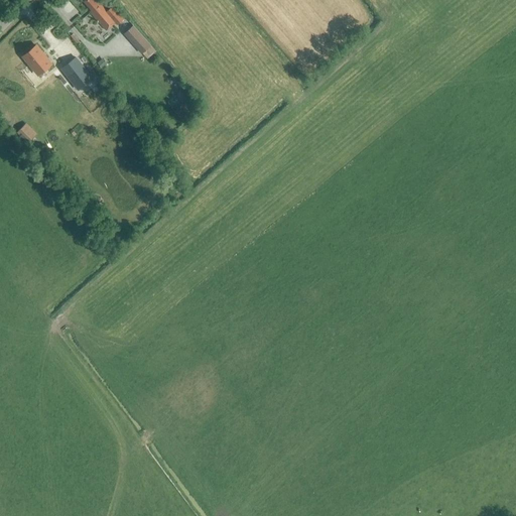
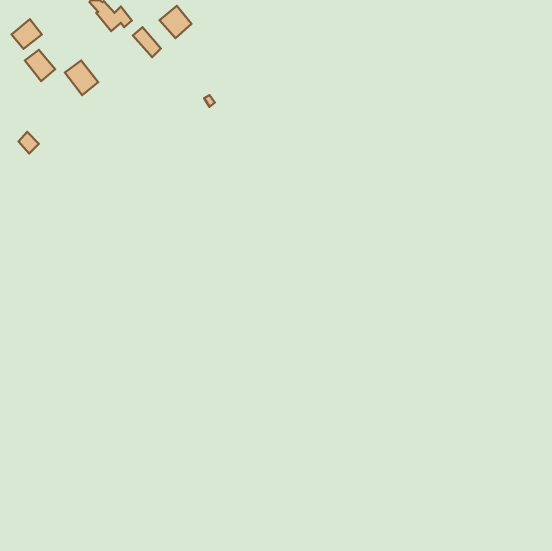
building: none -> [160,6,192,38]
building: none -> [11,19,42,49]

